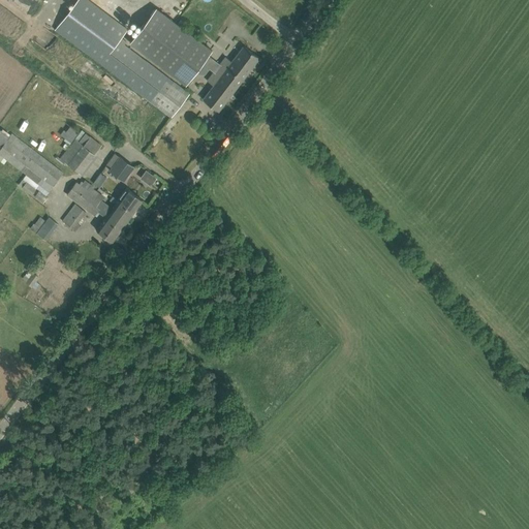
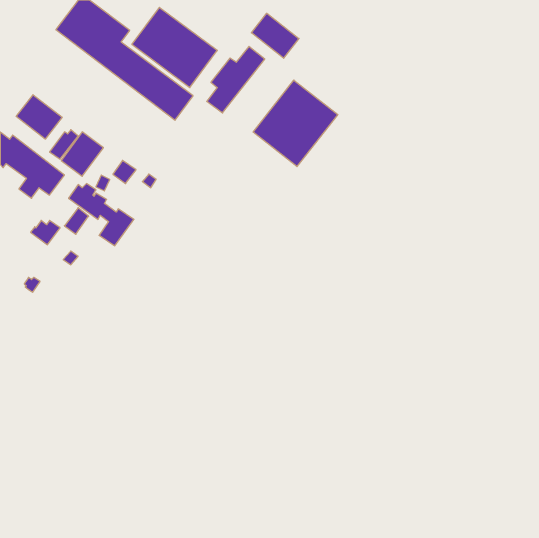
building: none -> [251,13,299,58]
building: none -> [253,80,338,167]
building: none -> [16,95,62,139]
building: [110,189,143,216] -> none

